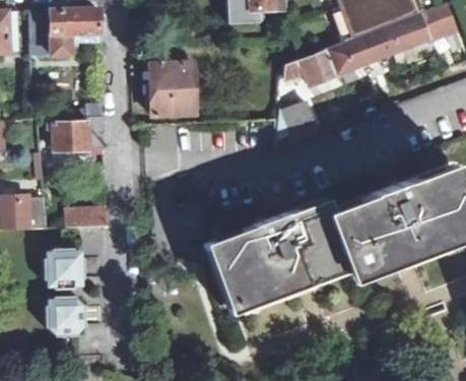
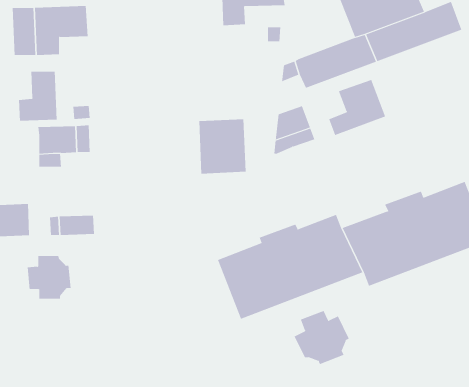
building: [148,62,194,115] -> [198,119,246,174]
building: none -> [19,71,57,121]
building: none -> [328,79,386,136]
building: [44,295,85,336] -> none
building: none -> [294,310,350,365]

